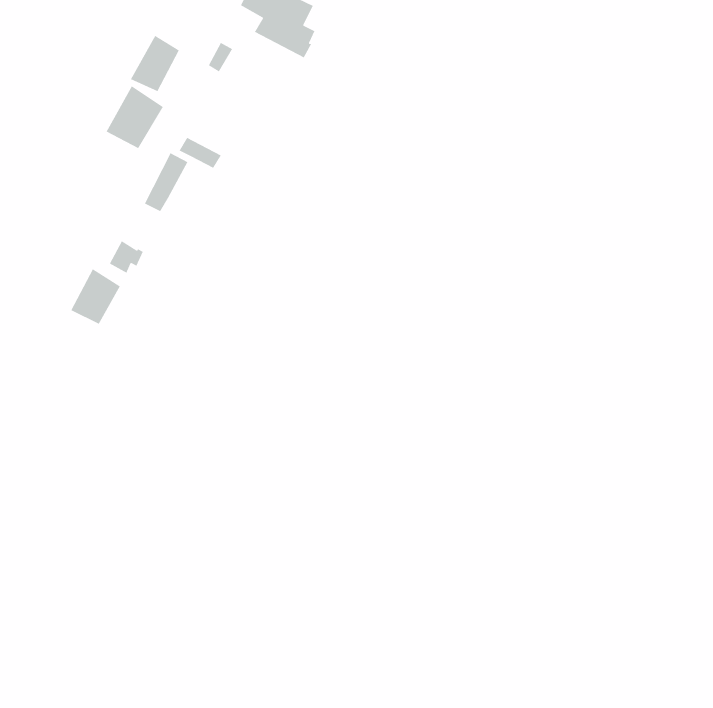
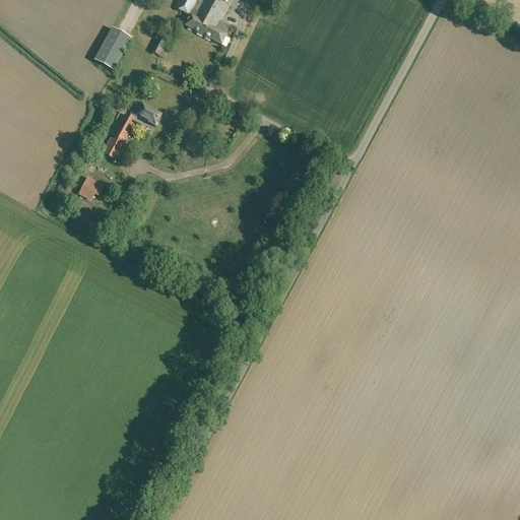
building: [105,85,164,149] -> none
building: [70,268,121,325] -> none

